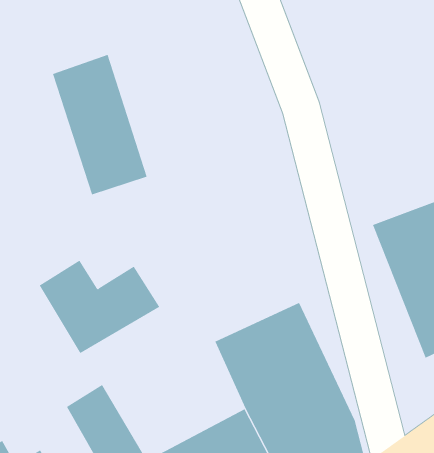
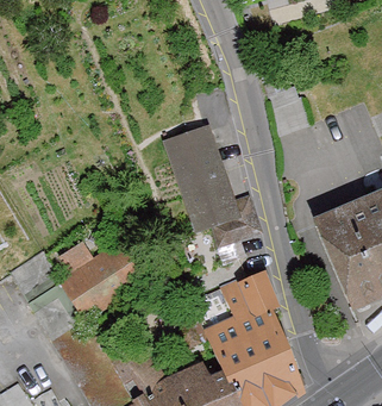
building: [52,54,147,195] -> [165,125,240,236]

